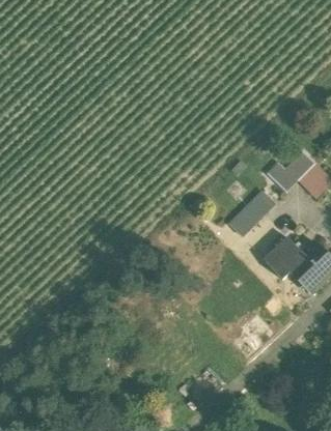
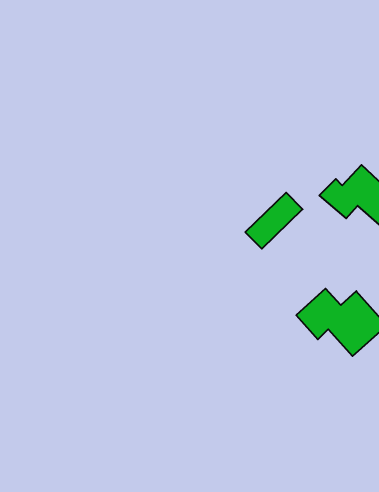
building: [232,190,279,235] -> [245,193,303,249]

